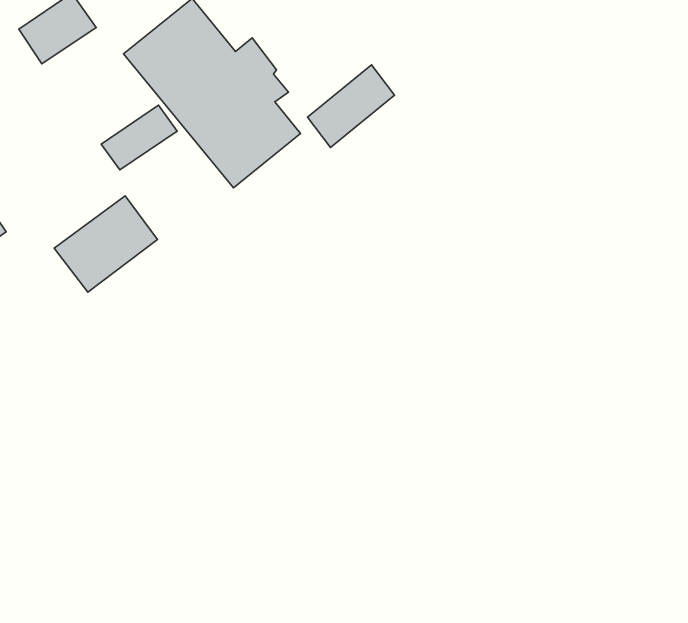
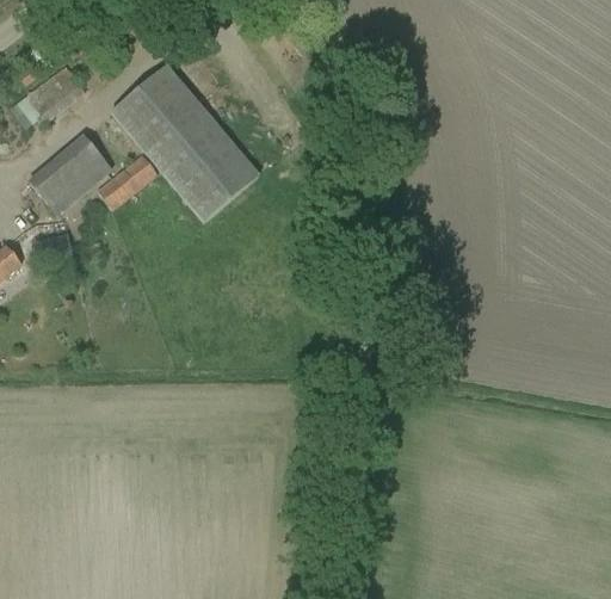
building: [307,65,394,148] -> none
building: [54,196,158,292] -> [27,135,112,216]

